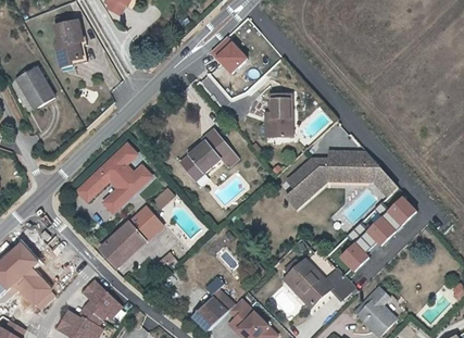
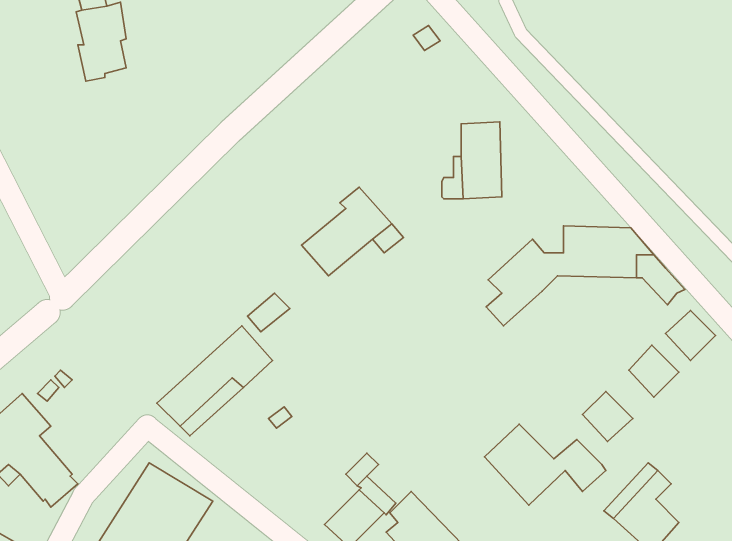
building: [212,37,250,75] -> none
building: [16,66,53,107] -> none
building: [76,145,153,214] -> none

